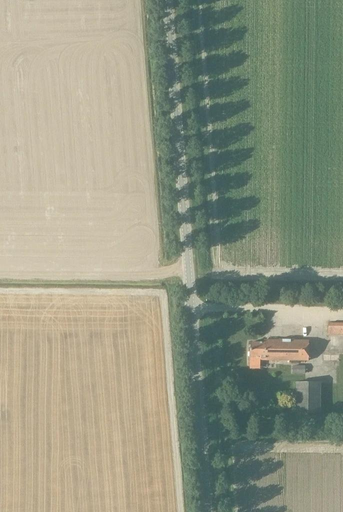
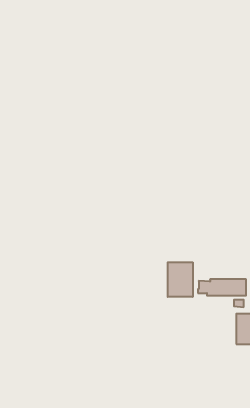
building: none -> [168,262,193,297]

